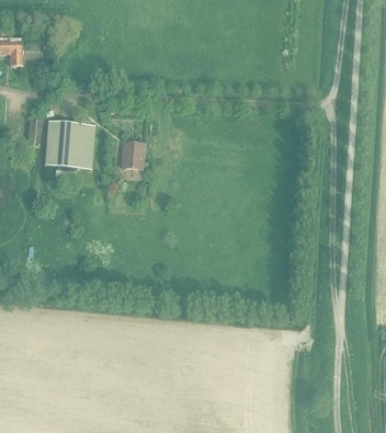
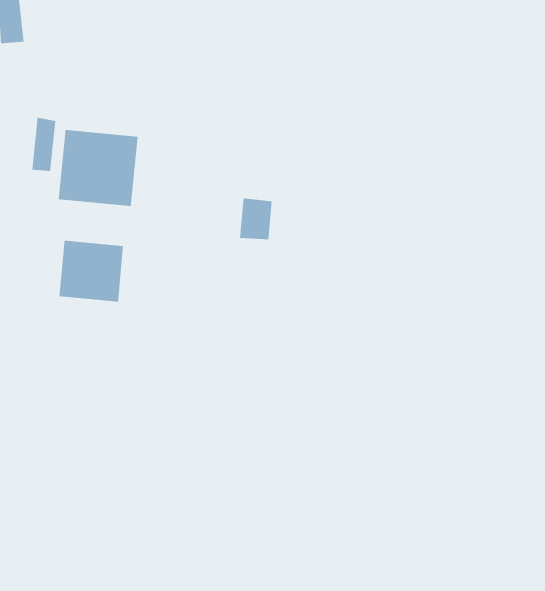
building: [122,141,143,168] -> [239,198,273,240]
building: none -> [59,240,124,302]

